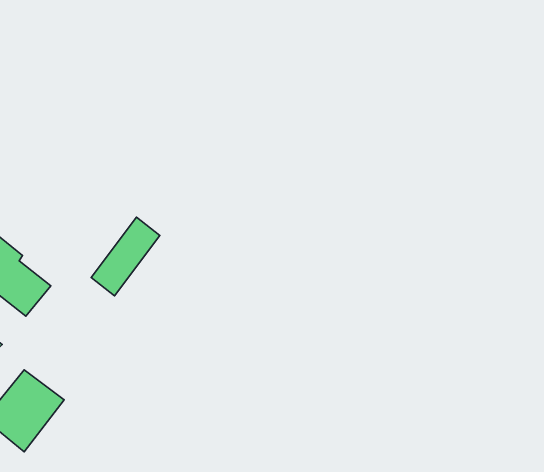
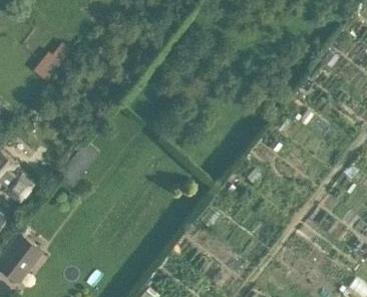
building: none -> [32,40,70,81]

